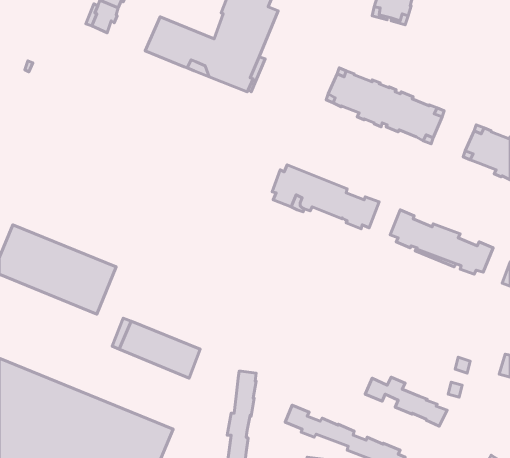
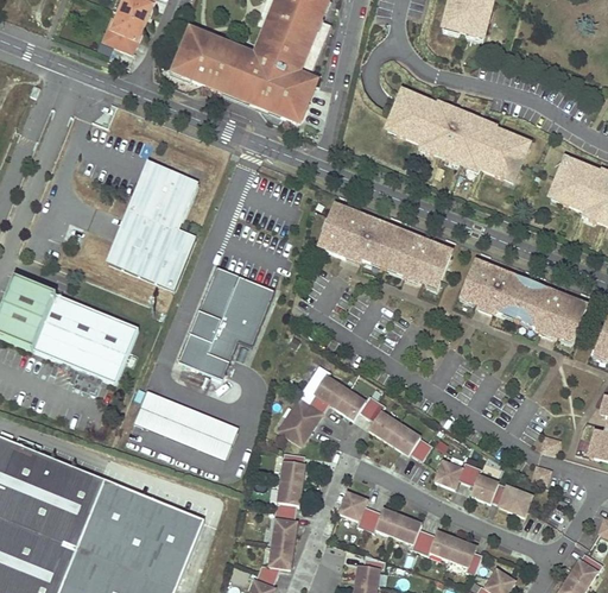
building: none -> [108,164,196,289]
building: none -> [178,265,273,378]
building: none -> [280,374,431,461]

